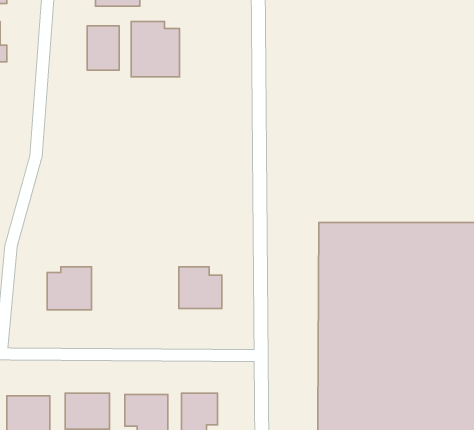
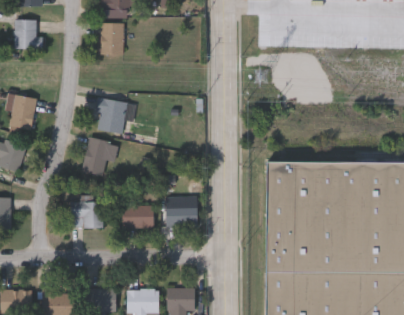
building: [131,21,180,77] -> none
building: none -> [95,97,137,132]
building: none -> [82,135,111,175]
building: none -> [122,204,153,227]

